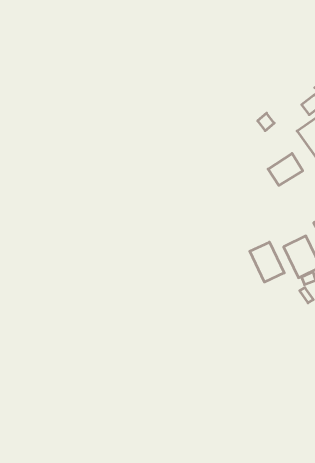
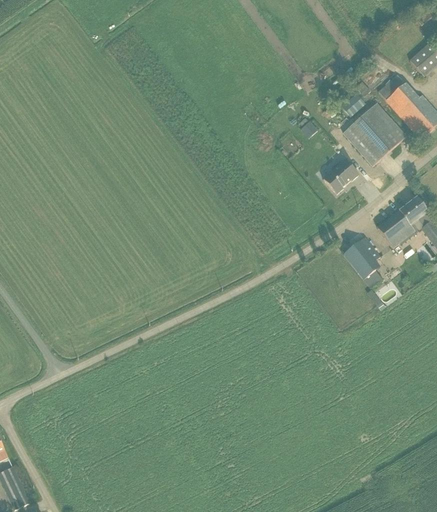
building: [250,242,284,282] -> none

